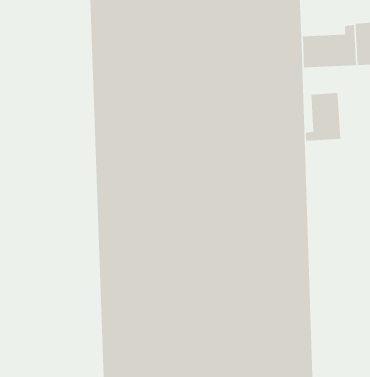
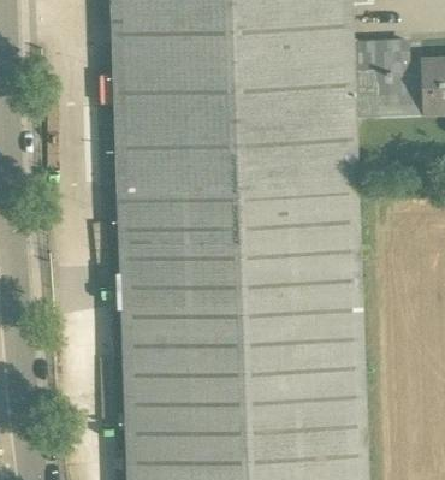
building: none -> [352,42,402,78]
building: [305,92,341,141] -> none

